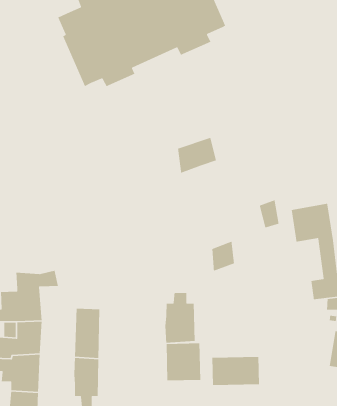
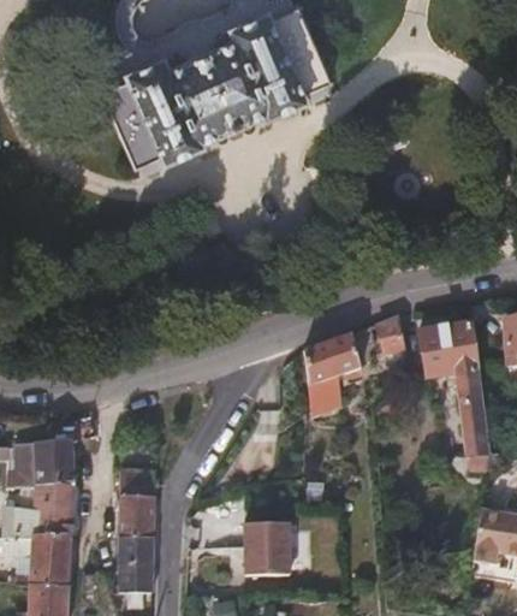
building: [177,137,217,174] -> [304,336,359,387]
building: [165,292,195,343] -> none
building: [212,356,260,386] -> none

